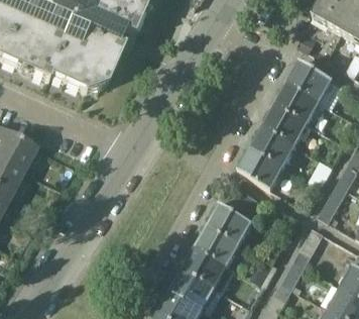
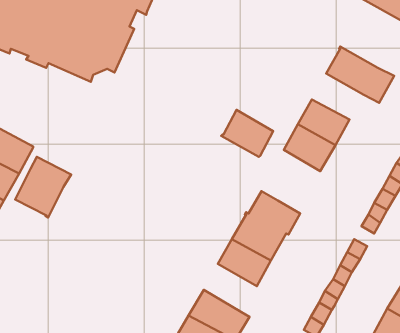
building: [276,82,321,121] -> none
building: [239,147,283,188] -> [221,110,273,157]
building: none -> [15,157,71,217]
building: [184,245,236,291] -> none

